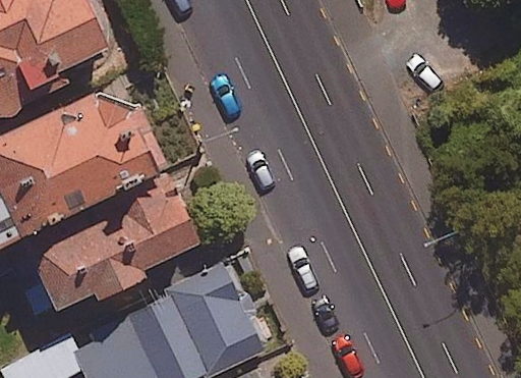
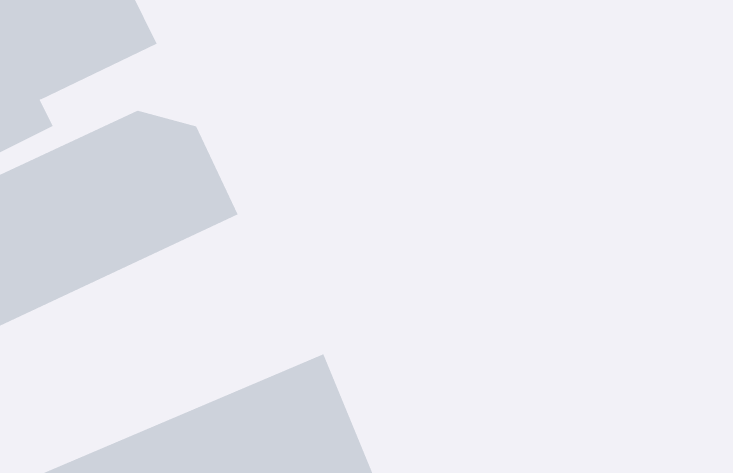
building: [19,187,202,320] -> none

